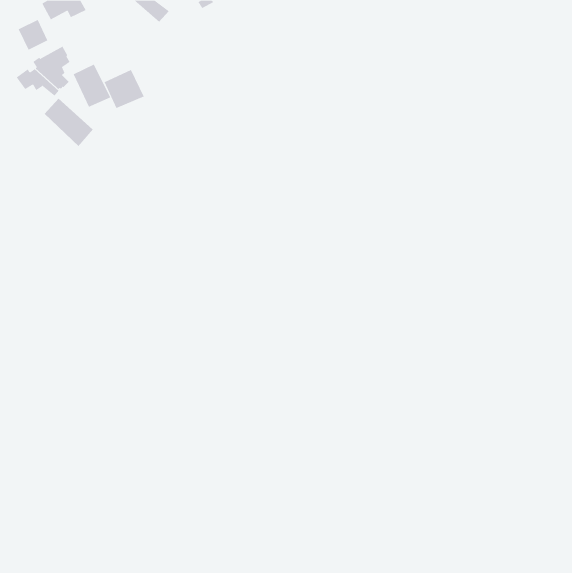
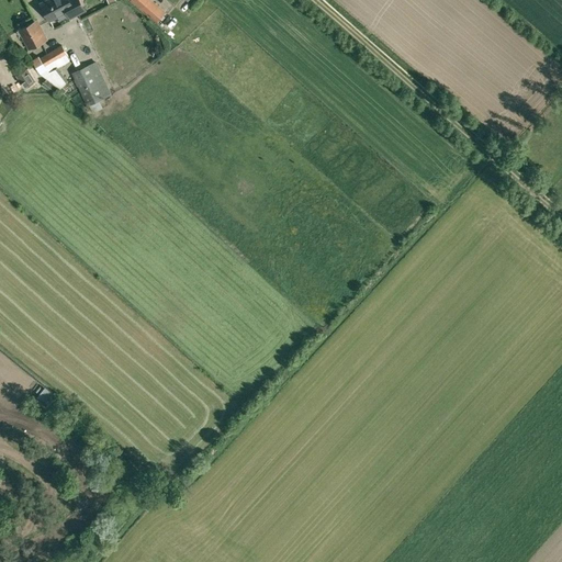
building: [104,69,145,109] -> none
building: [44,98,93,147] -> none

